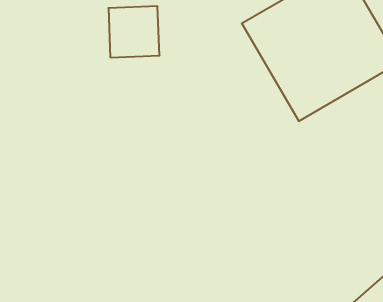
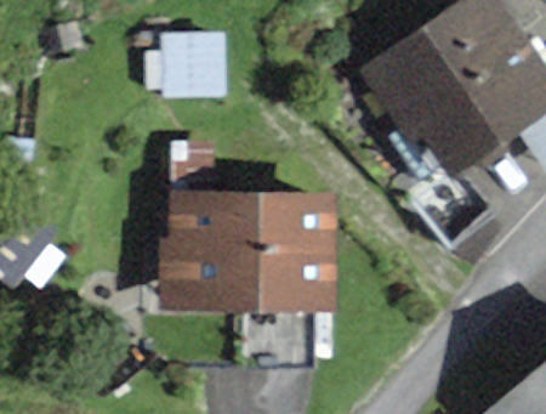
building: none -> [171,193,296,295]

